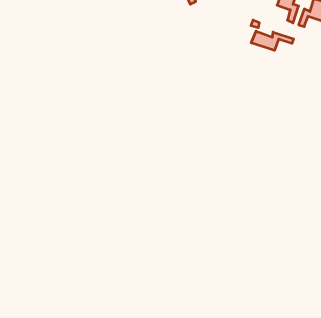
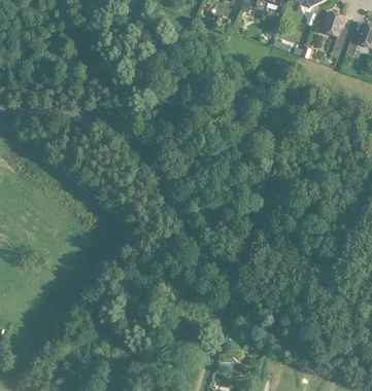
building: [251,31,294,50] -> none

